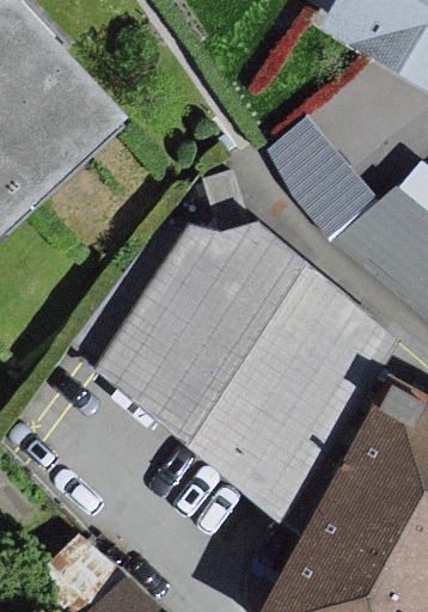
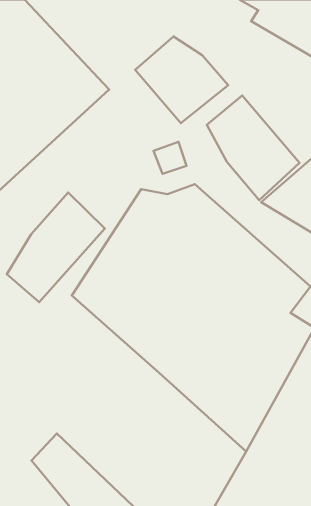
building: none -> [135,37,228,123]
building: none -> [7,193,105,302]

